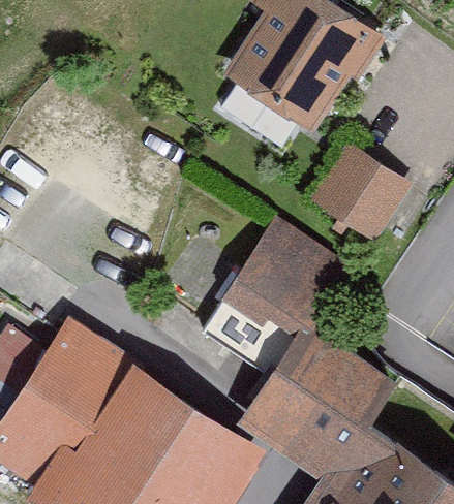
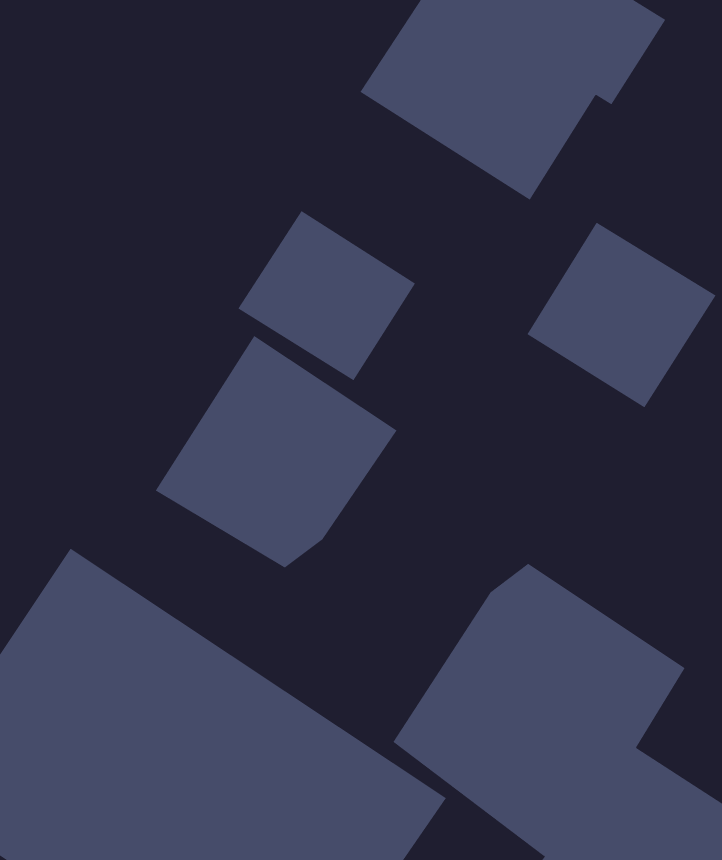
building: none -> [238,210,416,381]
building: [220,218,350,342] -> [155,335,397,568]

